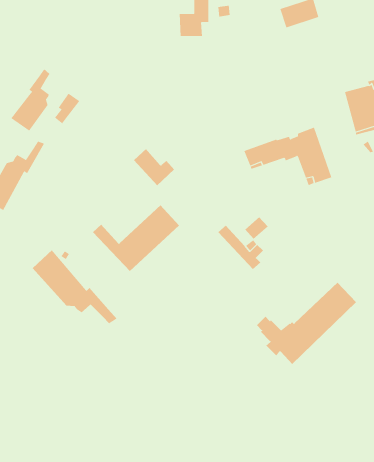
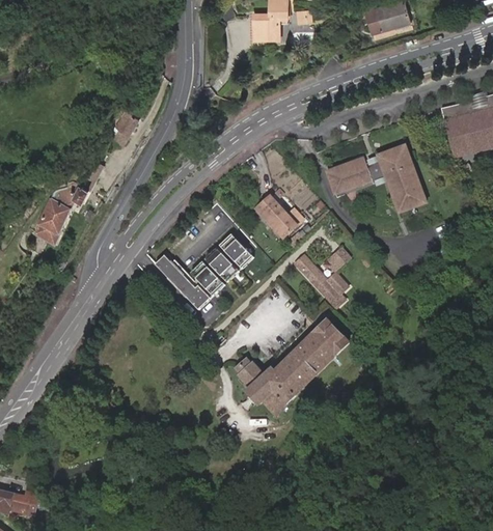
building: [11,68,50,131] -> none
building: [133,148,175,186] -> [255,196,302,239]
building: [32,250,118,324] -> none
building: [256,282,357,365] -> [236,319,349,413]

